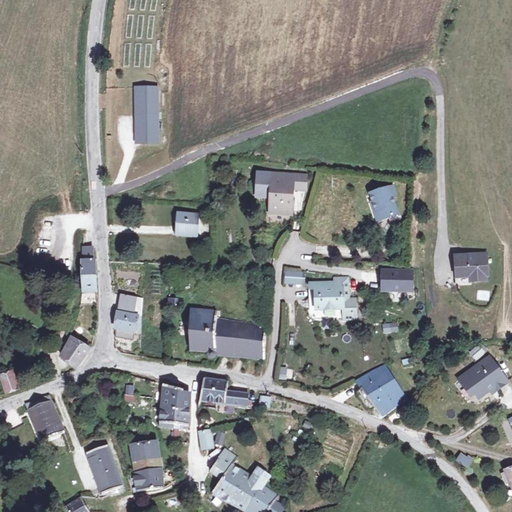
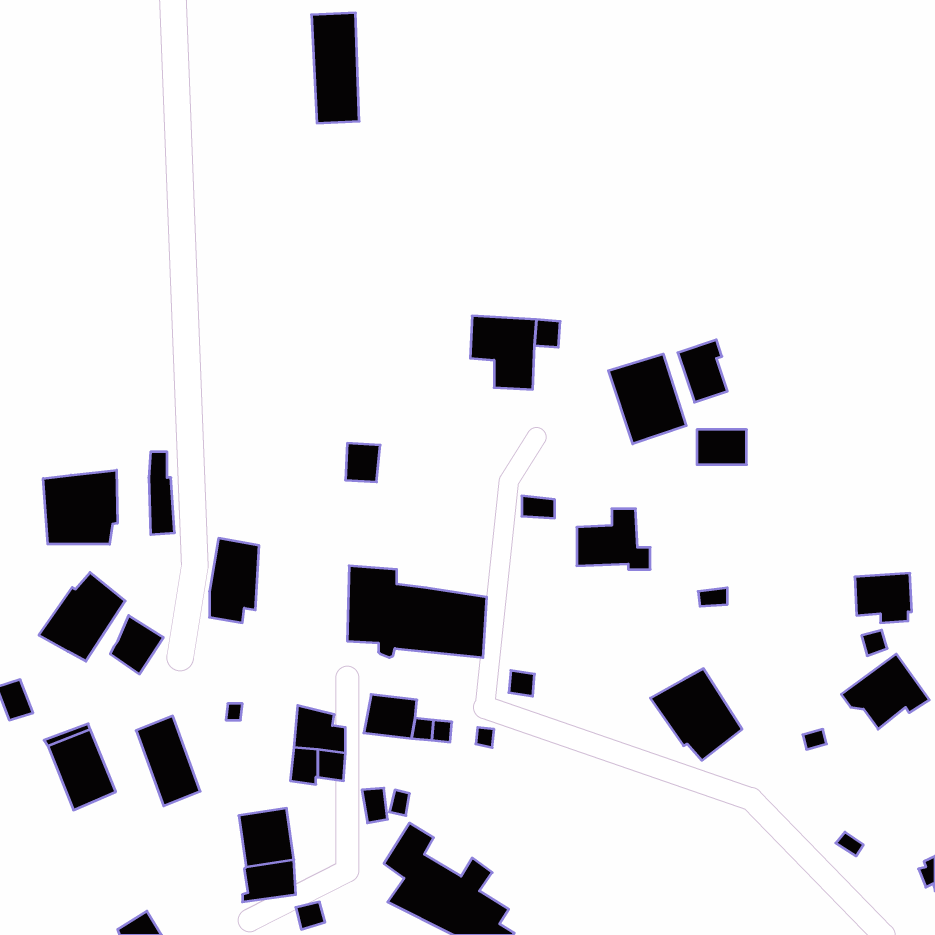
building: [132,84,158,144] -> [311,13,359,123]
building: none -> [608,354,686,444]
building: [177,213,196,234] -> [345,443,380,482]
building: [455,253,486,280] -> [855,573,912,623]
building: none -> [43,470,117,544]
building: [383,270,410,289] -> [697,430,747,465]
building: none -> [39,572,125,661]
building: [86,444,121,493] -> [136,716,200,806]

